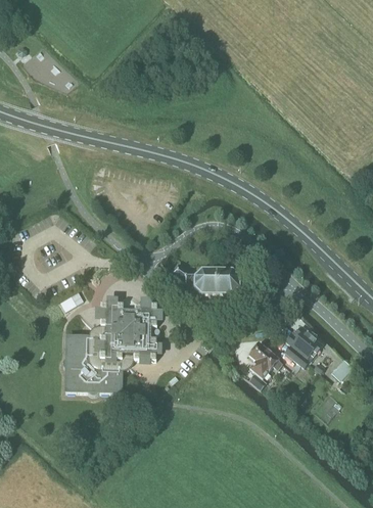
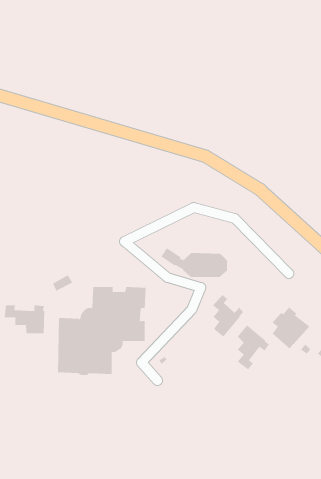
building: none -> [212,294,244,338]
building: none -> [4,304,45,334]

